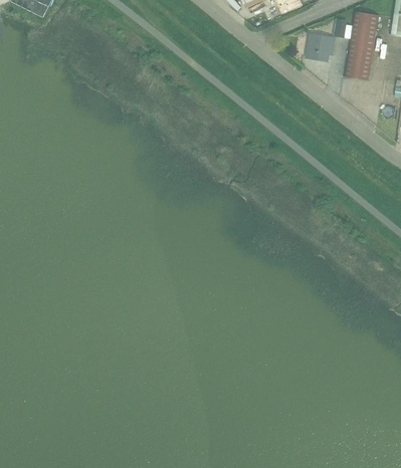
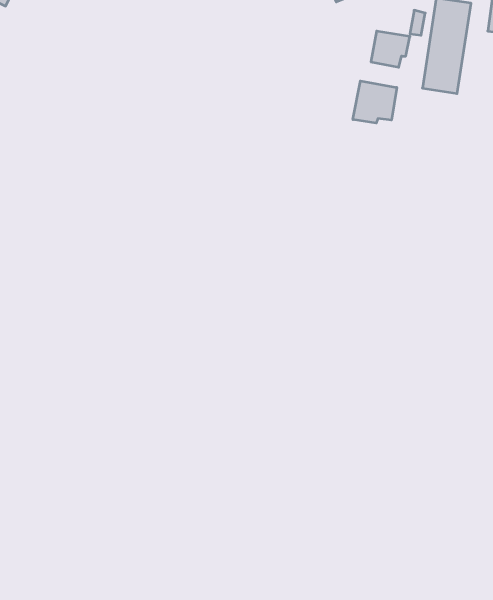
building: none -> [353,81,397,123]

